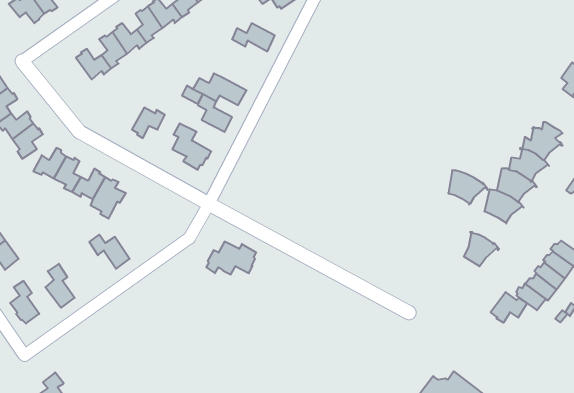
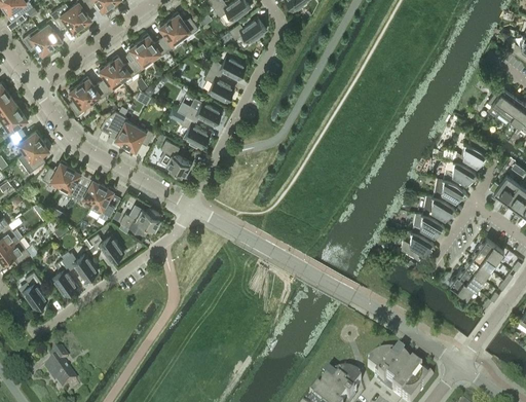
building: none -> [204,69,234,101]
building: none -> [68,84,91,116]
building: none -> [100,111,136,145]
building: [448,170,487,205] -> [412,213,445,242]
building: [206,242,256,275] -> [119,206,161,233]
building: none -> [64,253,98,281]
building: [491,292,527,323] -> none

